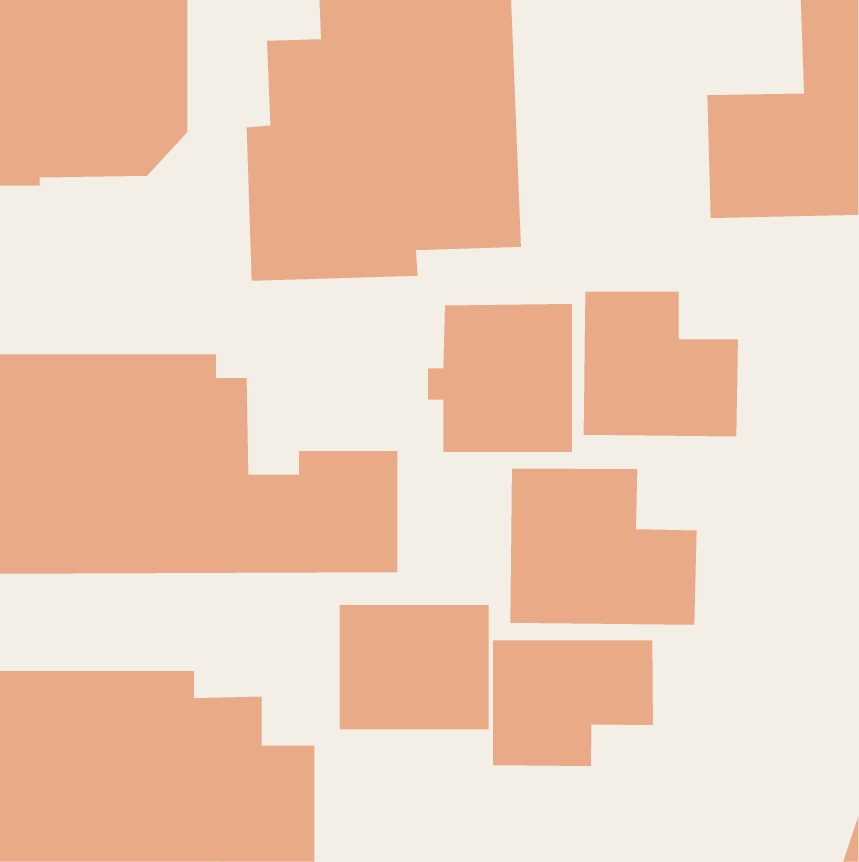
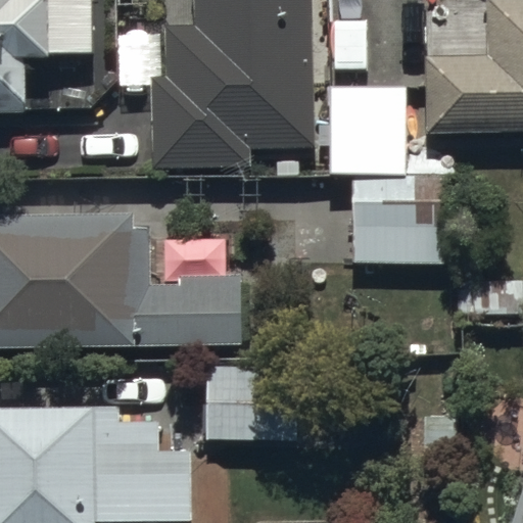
building: [427,303,573,453] -> [318,85,406,175]
building: [510,468,697,626] -> none
building: [492,640,654,767] -> none

